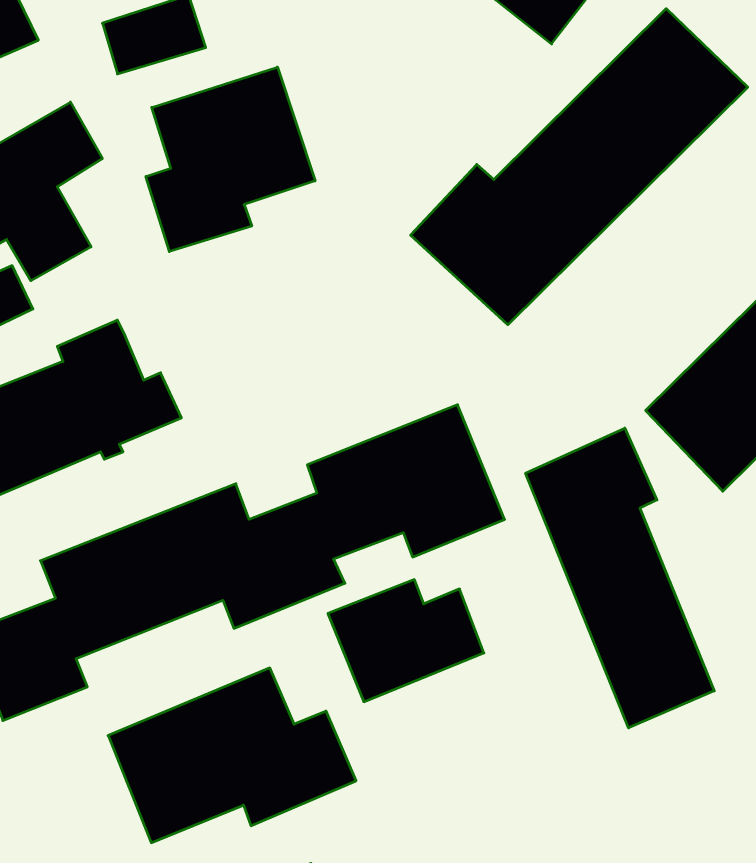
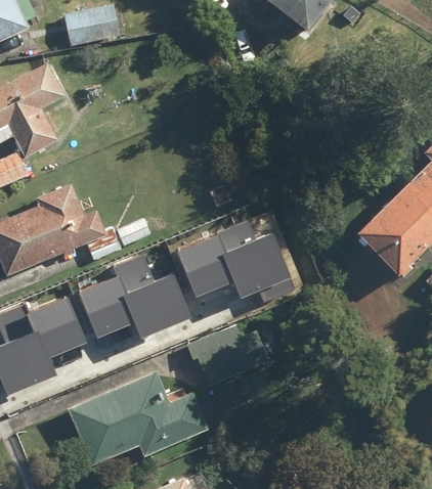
building: [411,9,748,325] -> none
building: [146,67,315,252] -> none
building: [526,428,714,728] -> none

